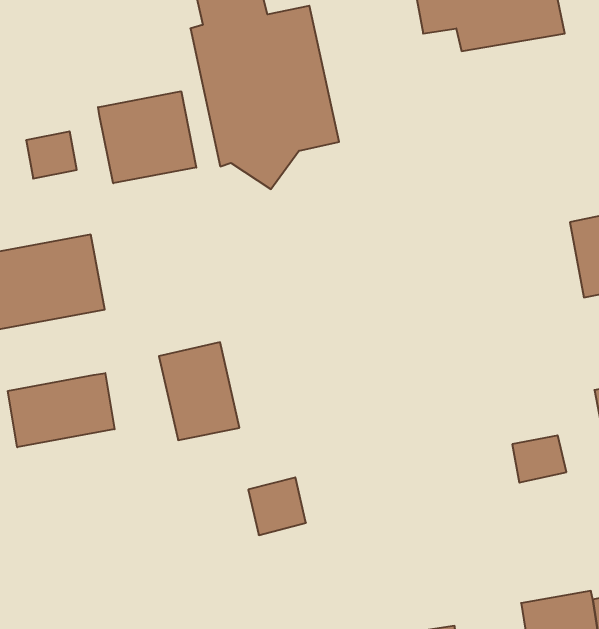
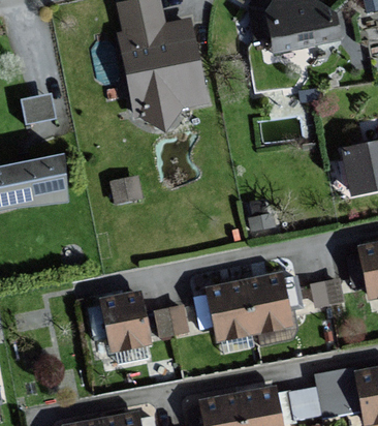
building: [98,91,196,183] -> none
building: [159,342,239,440] -> [102,292,150,349]
building: [8,373,115,447] -> none
building: none -> [208,274,291,337]

